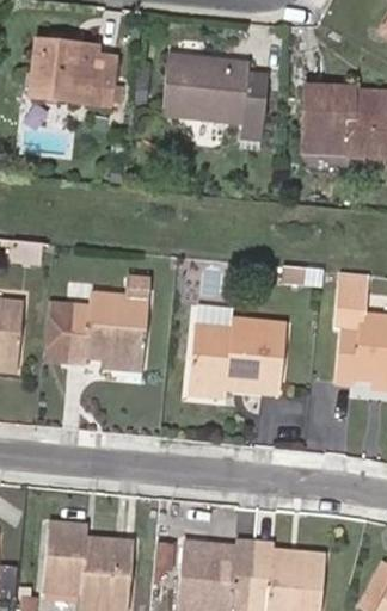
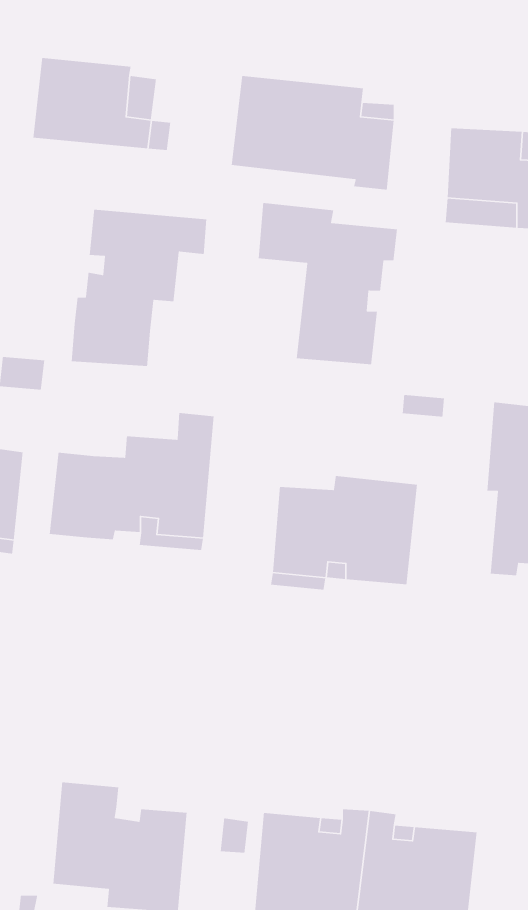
building: none -> [258,202,398,365]
building: none -> [71,209,207,367]

